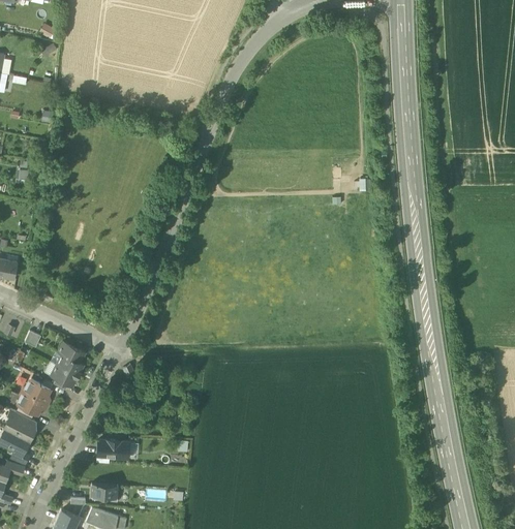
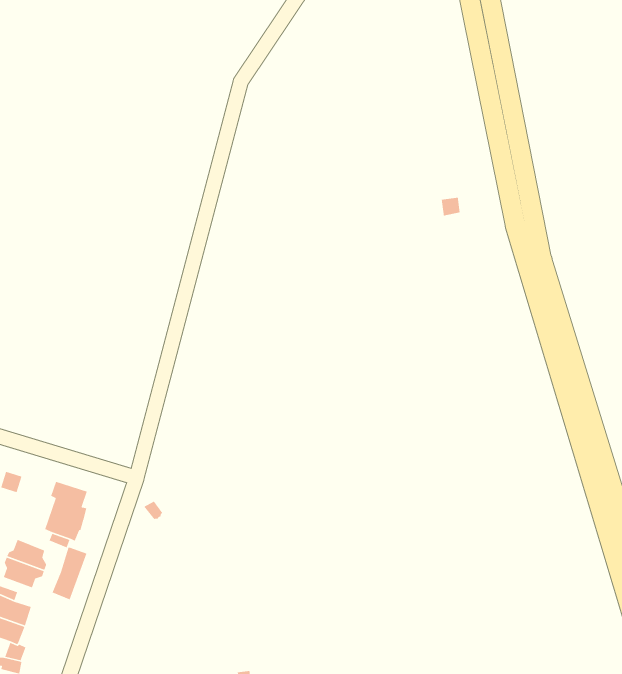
building: none -> [52,547,88,601]
building: [96,440,129,459] -> none

